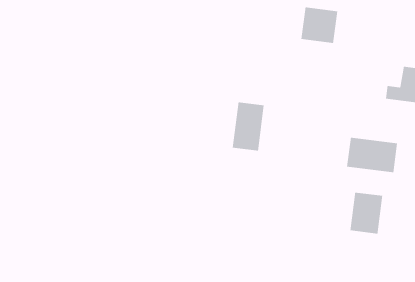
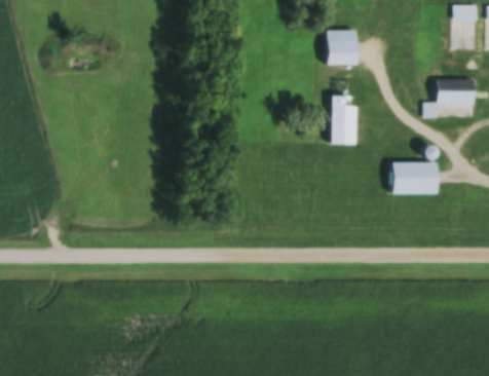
building: [232,102,265,151] -> [329,95,358,144]
building: [350,192,383,234] -> none

